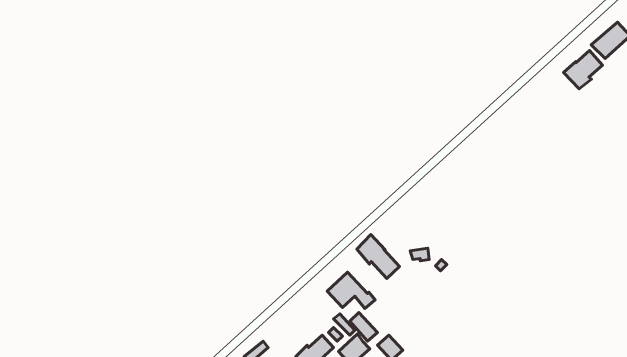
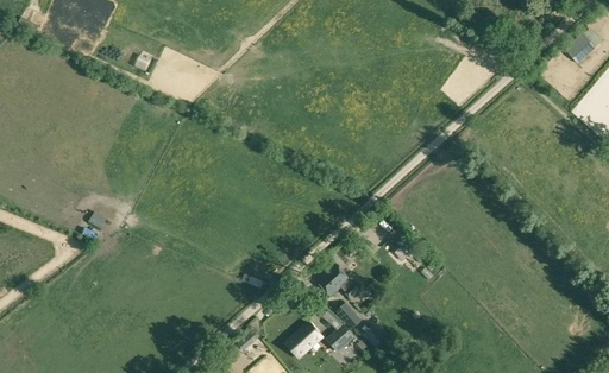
building: [564,51,602,89] -> none
building: [357,235,400,279] -> none

